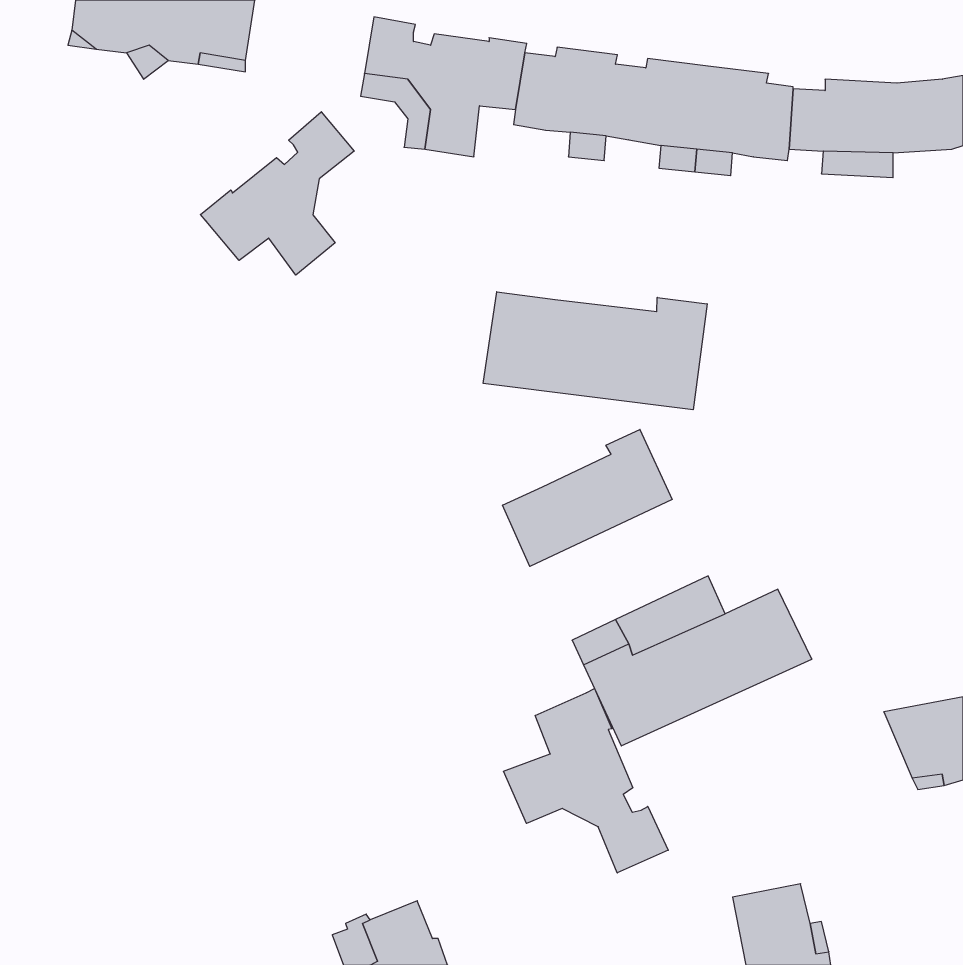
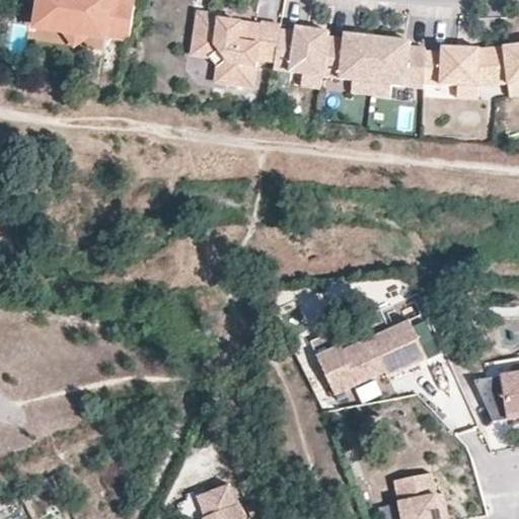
building: [200,112,354,275] -> none
building: [483,292,707,410] -> none
building: [503,429,672,566] -> none
building: [504,689,668,873] -> none

